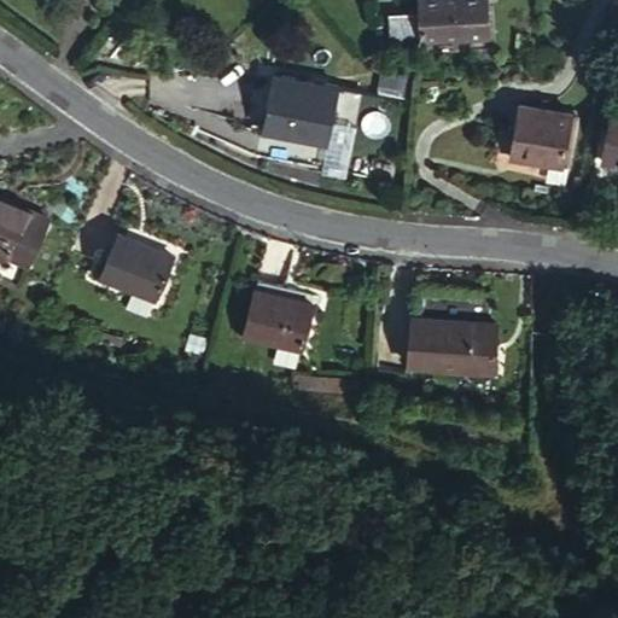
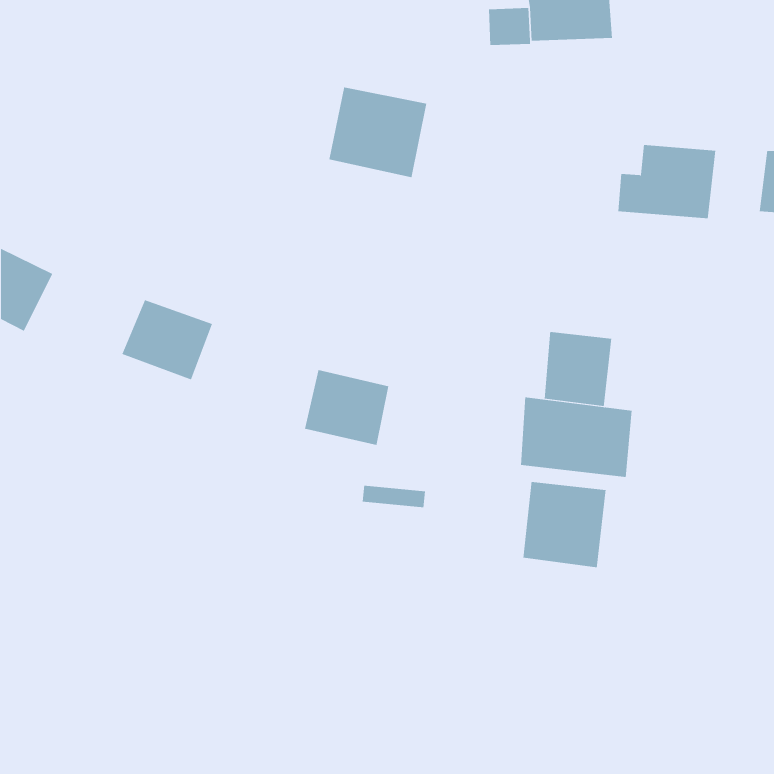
building: none -> [544,331,612,407]
building: none -> [523,481,606,568]

